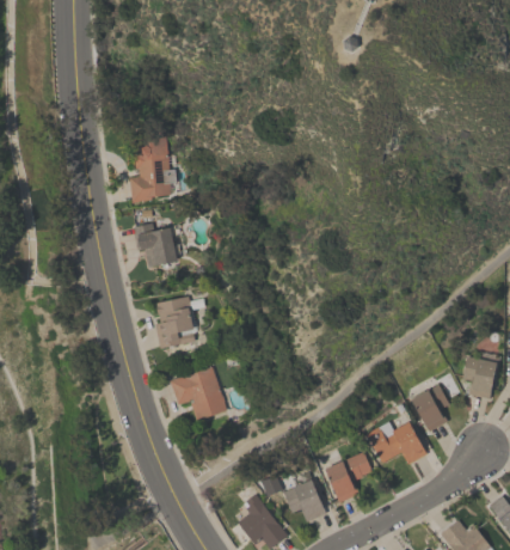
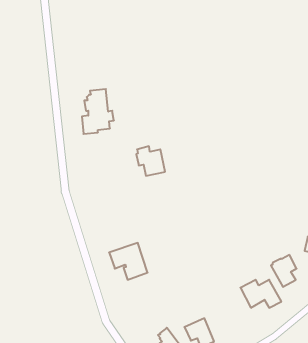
building: [134,222,177,267] -> [136,146,165,176]
building: [155,297,195,349] -> none
building: [325,452,371,502] -> none

